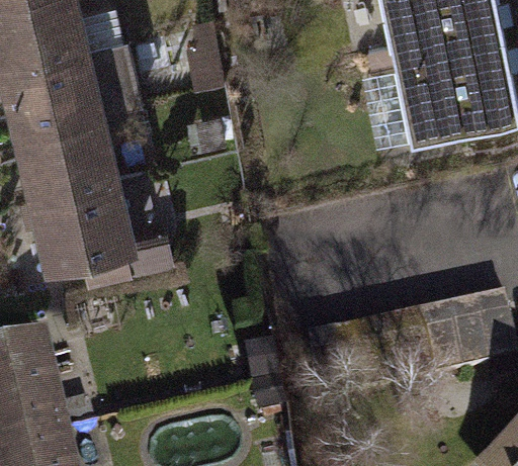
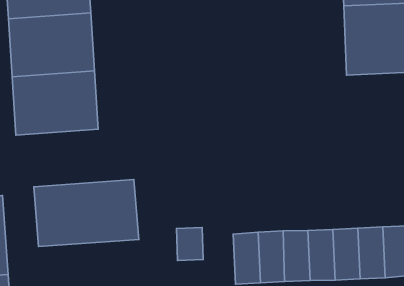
building: none -> [34,180,139,247]

